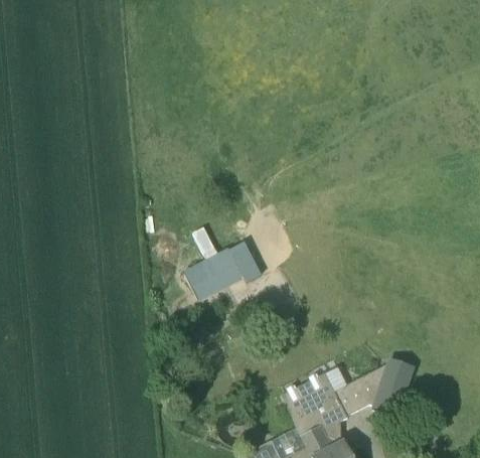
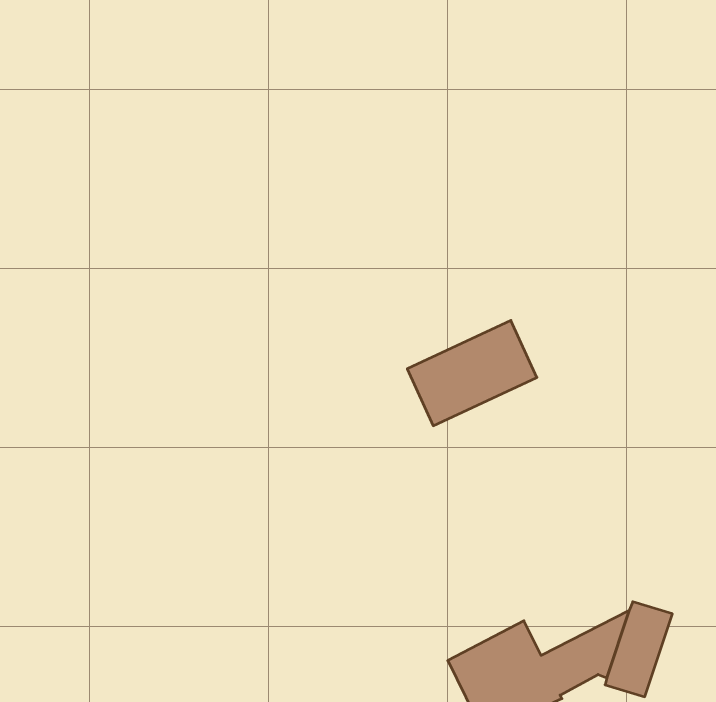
building: [187,239,263,300] -> [407,320,537,426]

